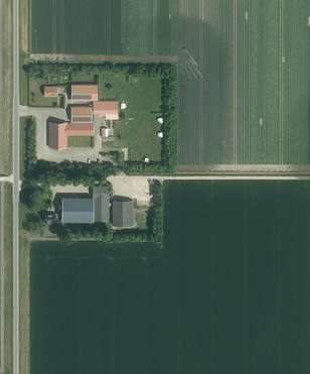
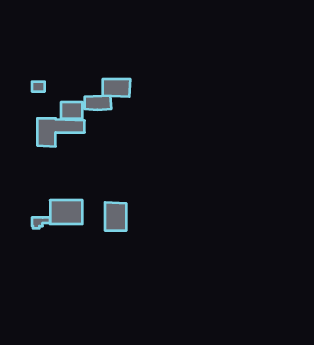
building: [71,86,98,102] -> [103,79,130,97]
building: [93,188,112,222] -> none

